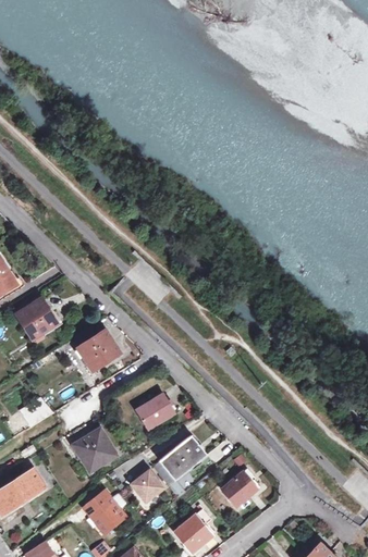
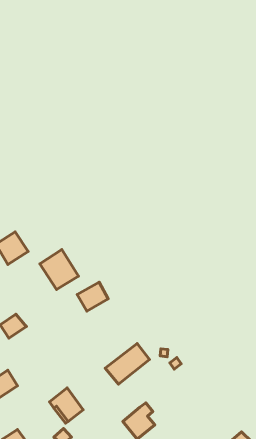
building: [134,394,172,430] -> [77,282,108,311]
building: [73,430,116,472] -> none
building: [125,467,163,505] -> none
building: [221,469,257,506] -> none

